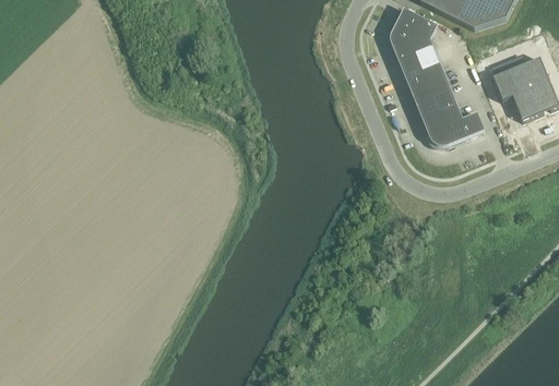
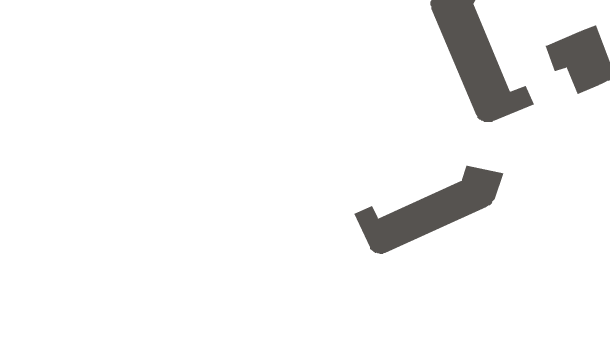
building: none -> [353,165,504,255]

